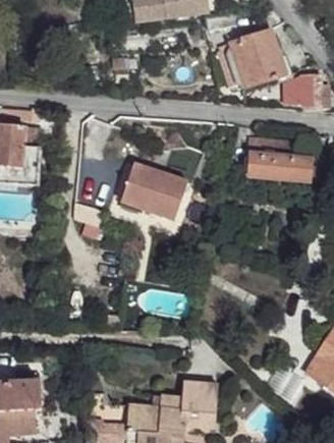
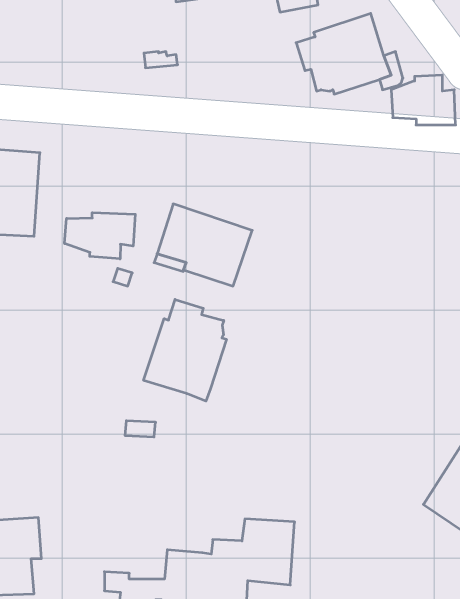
building: [246,136,314,180] -> none
building: none -> [65,213,135,259]
building: none -> [144,299,226,401]

